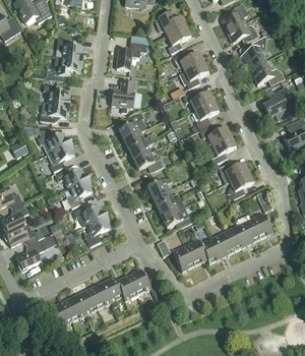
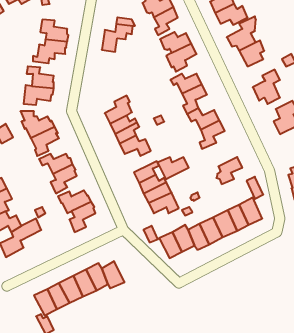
building: [111,80,134,113] -> none
building: [218,162,248,183] -> [158,157,189,179]
building: [128,268,161,300] -> none

